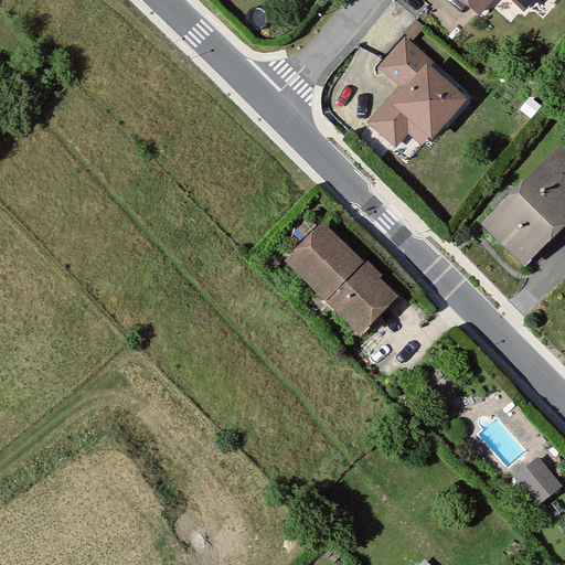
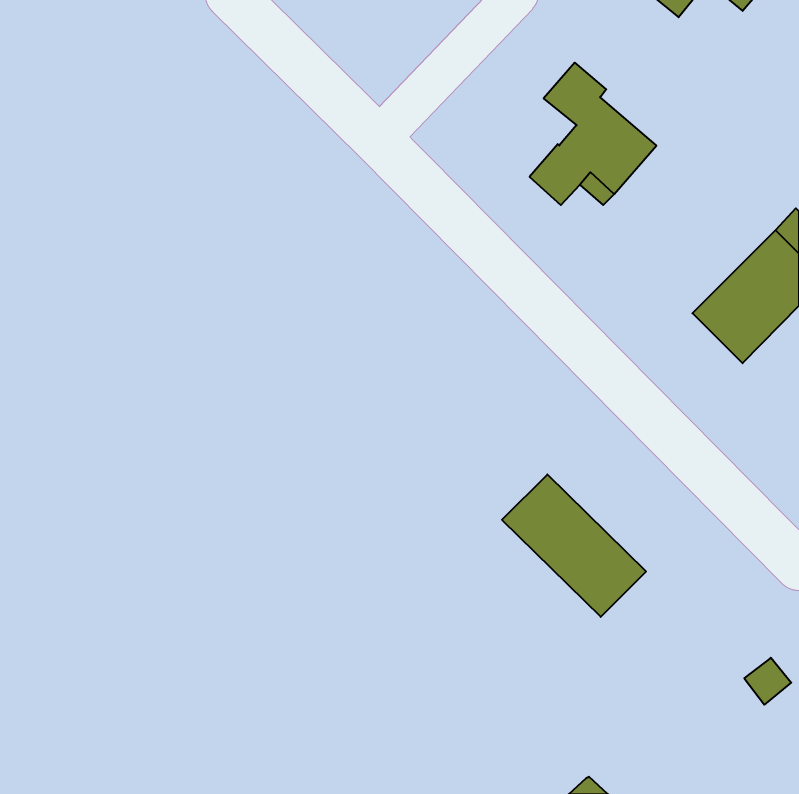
building: [292,225,394,326] -> [502,474,646,617]

